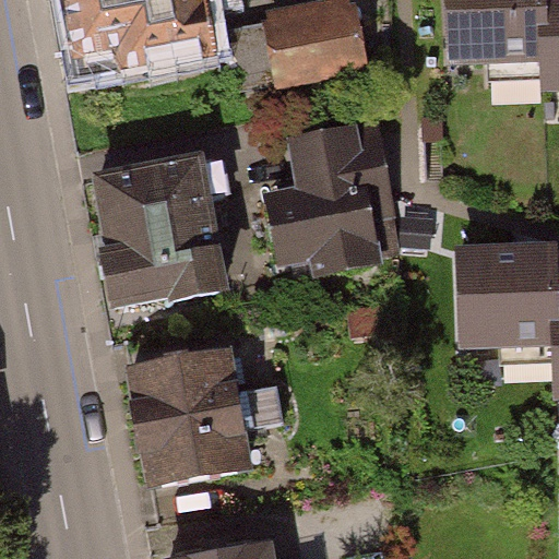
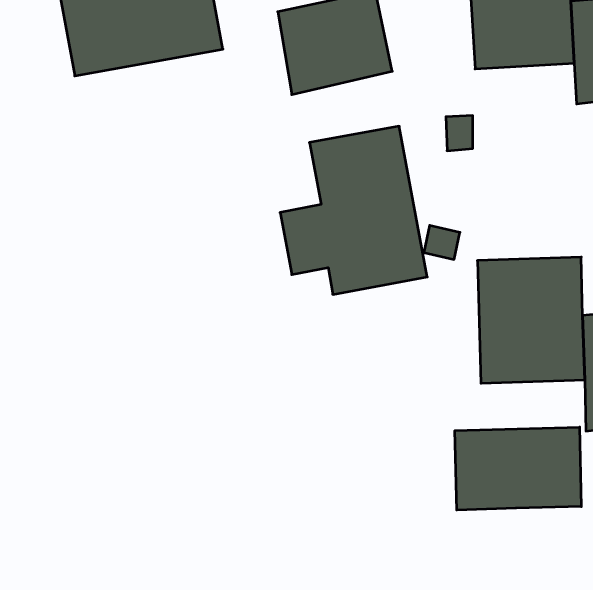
building: [87,150,226,313] -> none
building: [132,348,288,486] -> none
building: none -> [455,427,581,510]

